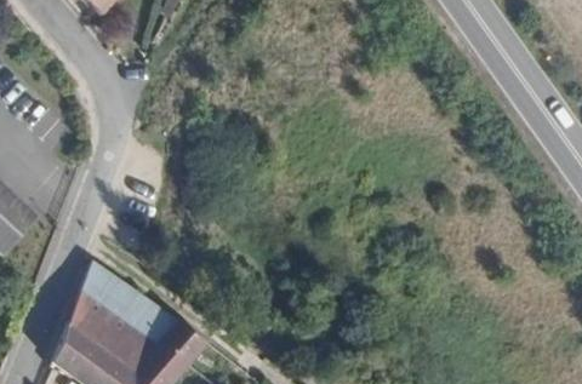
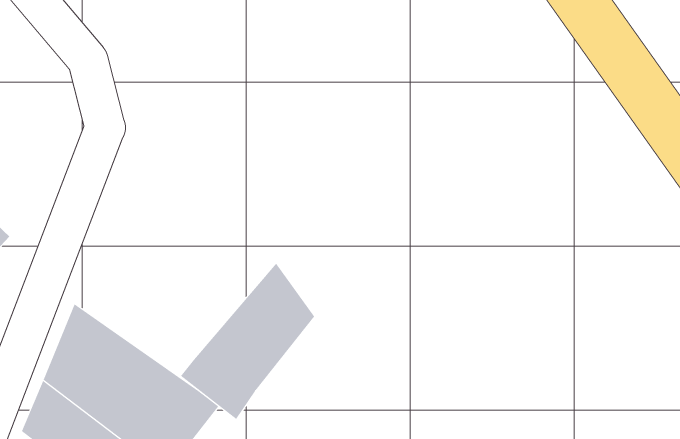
building: none -> [180,263,315,420]

